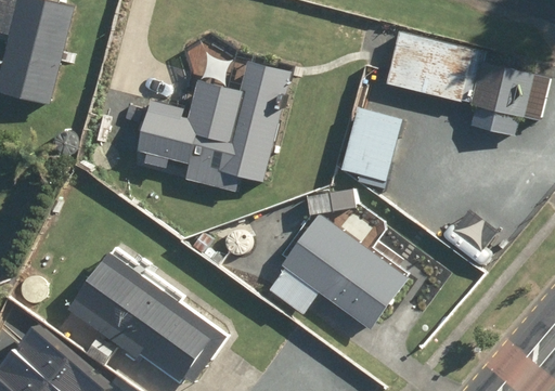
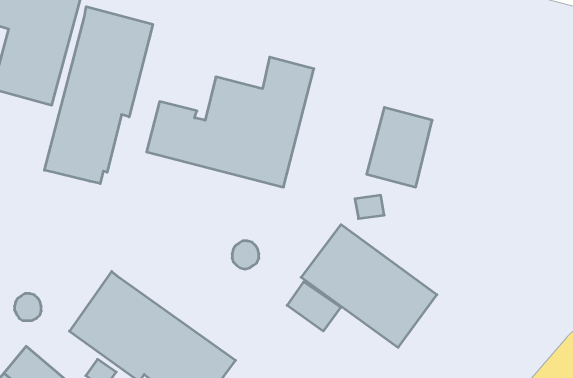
building: none -> [44,7,153,184]
building: [386,31,473,102] -> none
building: [466,65,527,119] -> none

